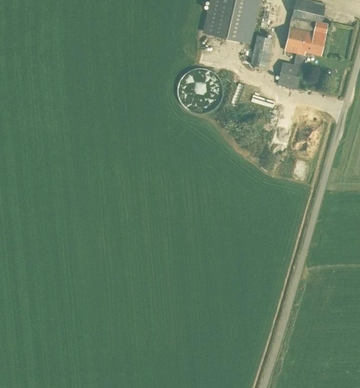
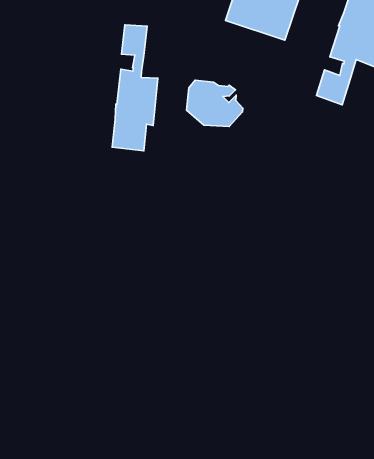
building: [250,35,272,67] -> none
building: none -> [112,25,158,151]

